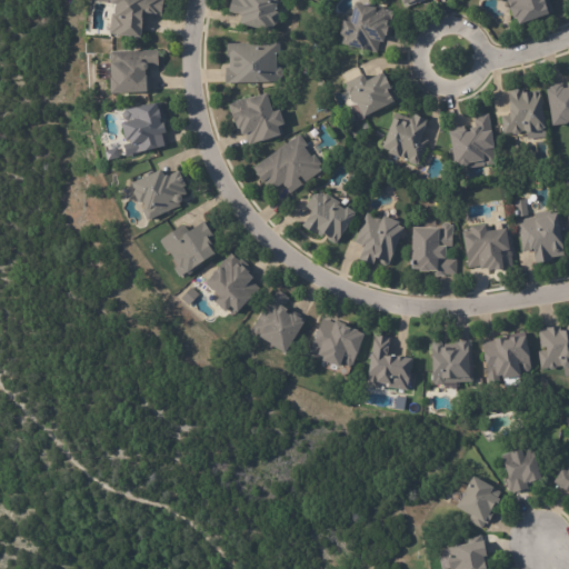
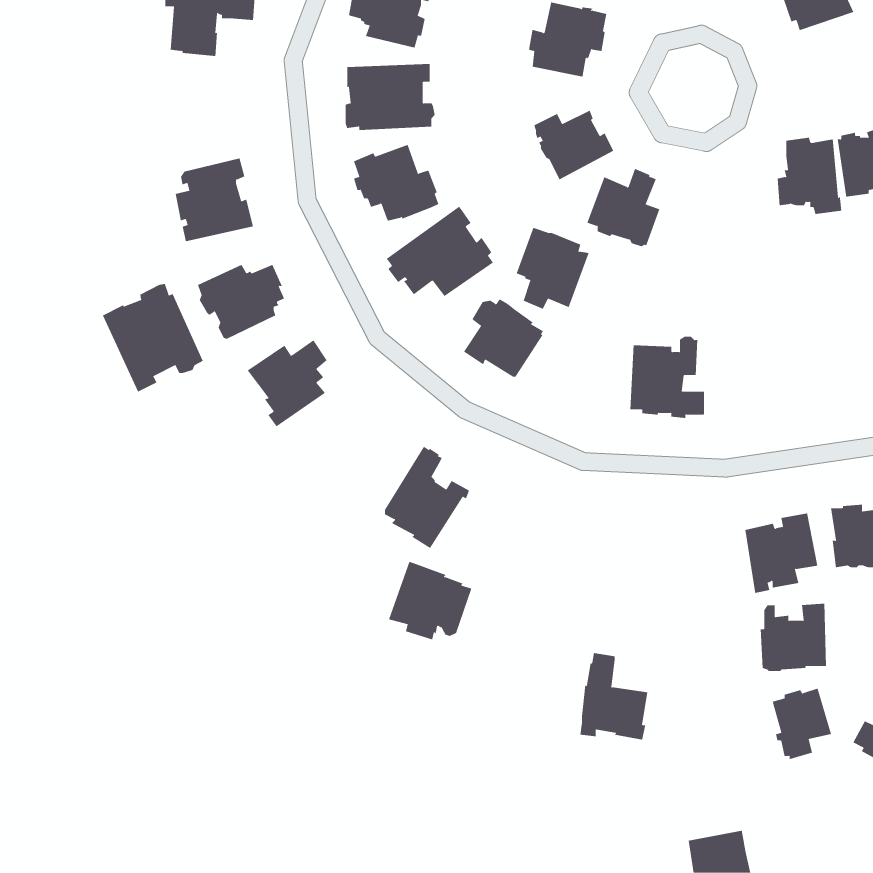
building: [102,50,157,96] -> none
building: [451,109,500,164] -> none
building: none -> [102,283,204,393]
building: [513,194,562,260] -> none
building: [357,211,405,264] -> [516,227,590,310]
building: [466,220,517,266] -> none
building: [203,252,261,313] -> none
building: [309,317,363,368] -> [388,561,472,640]
building: [368,332,412,389] -> [579,653,648,740]
building: [430,341,473,386] -> [760,603,827,672]
building: [455,471,502,526] -> none

